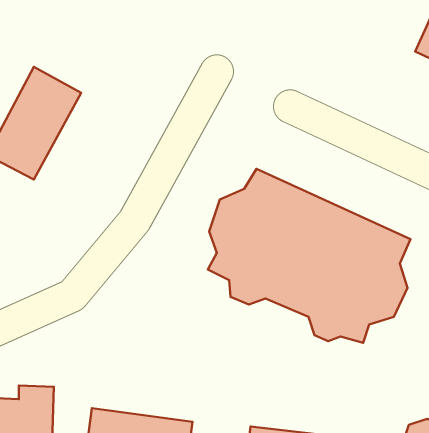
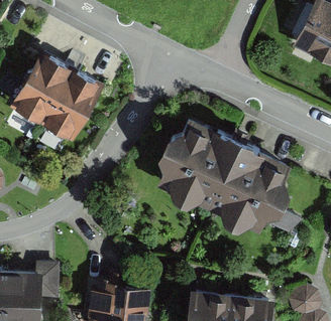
building: none -> [45,70,108,145]

